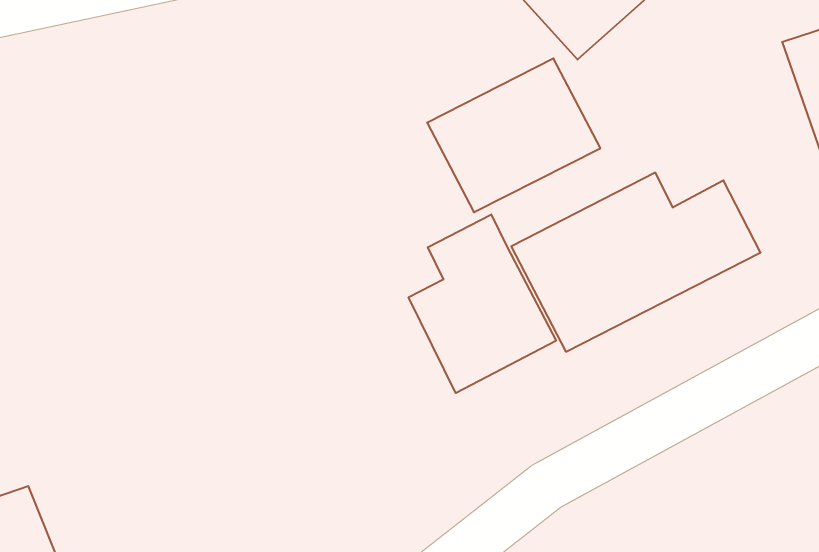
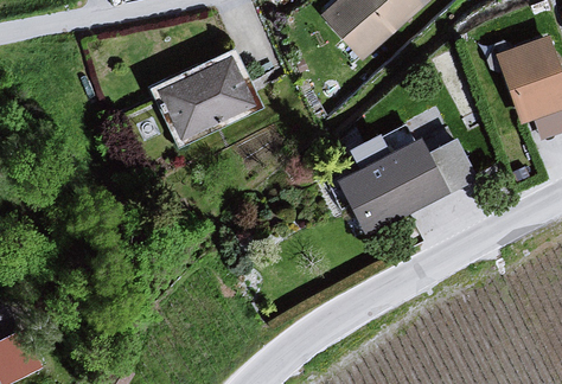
building: [427,58,600,212] -> [155,49,261,142]
building: [409,214,556,393] -> none

